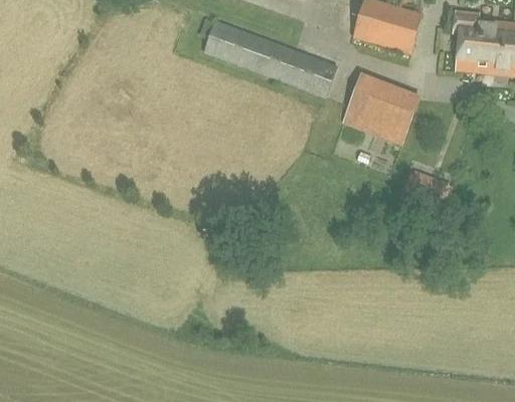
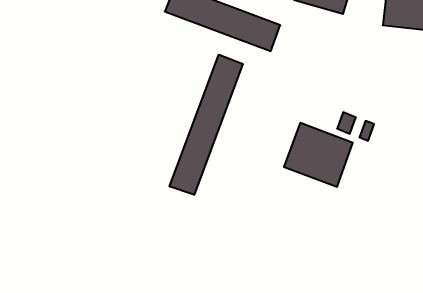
building: [340,70,420,145] -> [284,123,353,187]
building: none -> [170,55,243,195]

